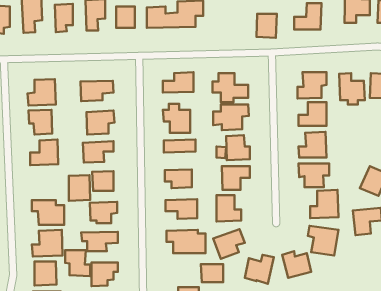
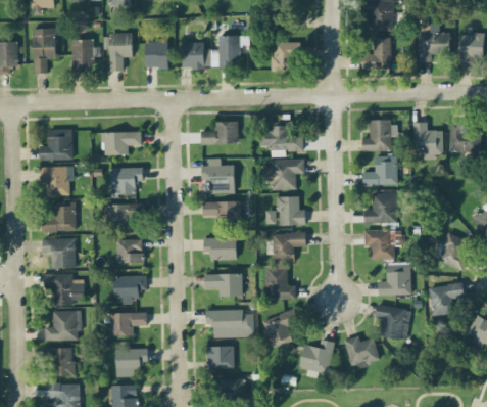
building: [256,14,277,38] -> [273,42,297,71]
building: [69,175,90,201] -> [50,238,76,269]
building: [65,250,90,276] -> none
building: [201,264,223,282] -> [207,347,234,368]

